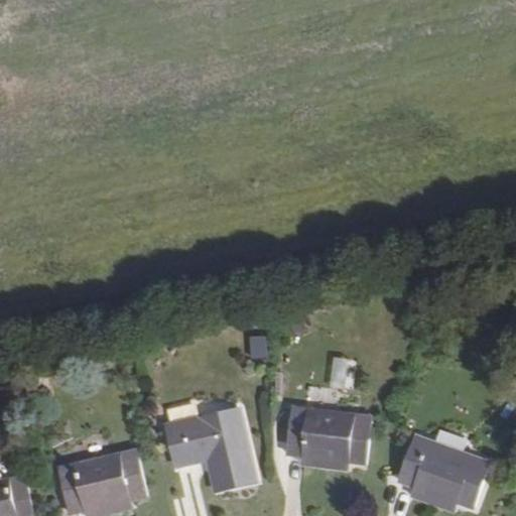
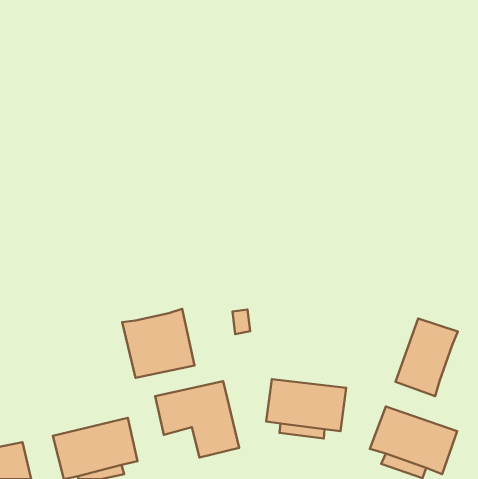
building: none -> [122,309,195,378]
building: none -> [395,318,458,396]

